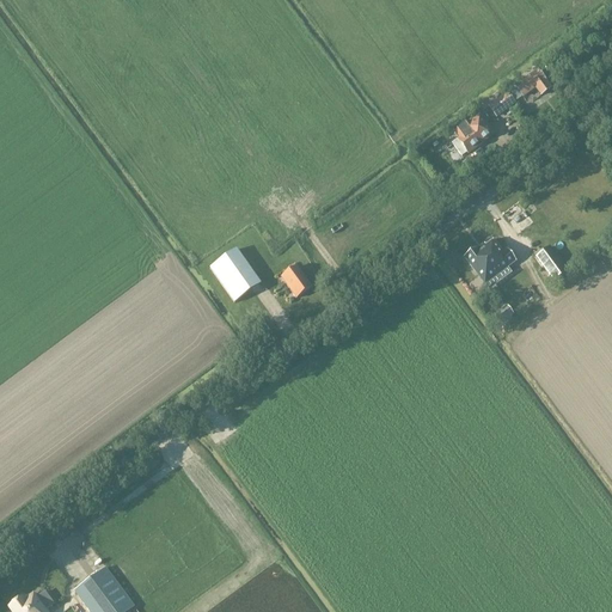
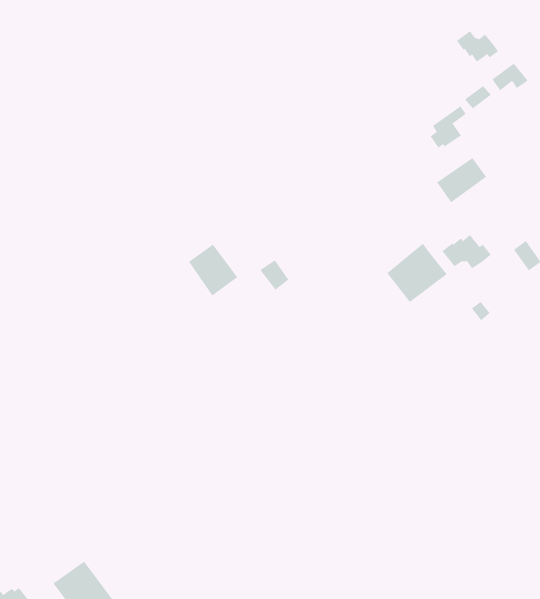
building: none -> [456,30,499,62]
building: none -> [436,157,487,203]
building: none -> [386,243,447,303]

